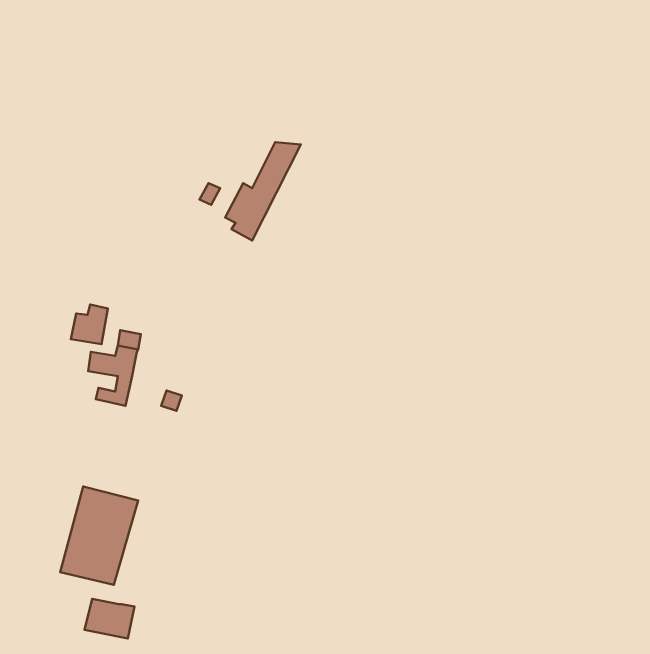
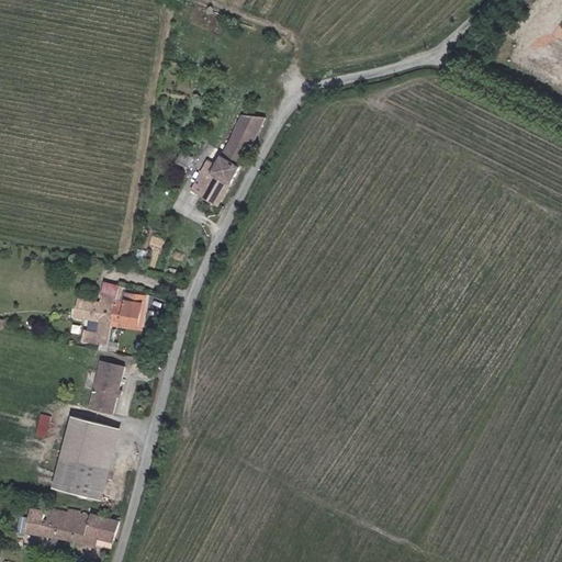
building: [71,305,108,344] -> [113,294,145,328]
building: none -> [89,360,123,413]
building: none -> [26,506,79,540]

